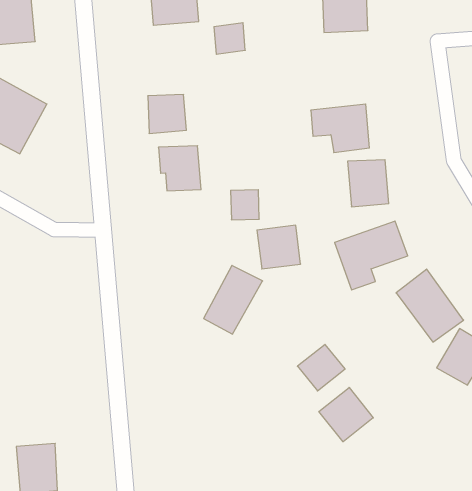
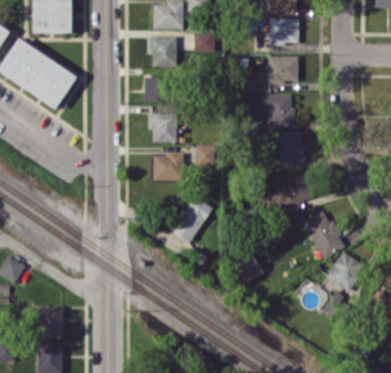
building: none -> [148,35,176,66]
building: none -> [268,56,298,83]
building: [257,225,301,269] -> [153,154,181,182]
building: [319,387,373,442] -> none

